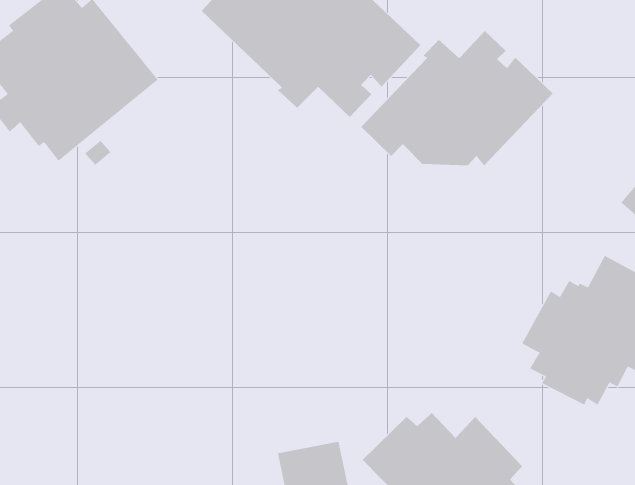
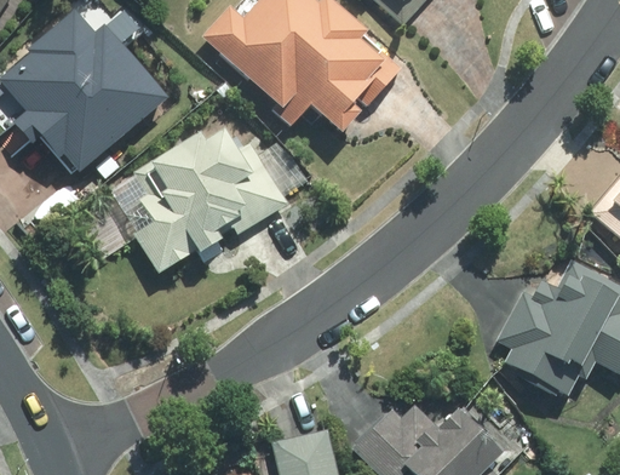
building: [361,30,553,166] -> none
building: none -> [133,130,289,274]

